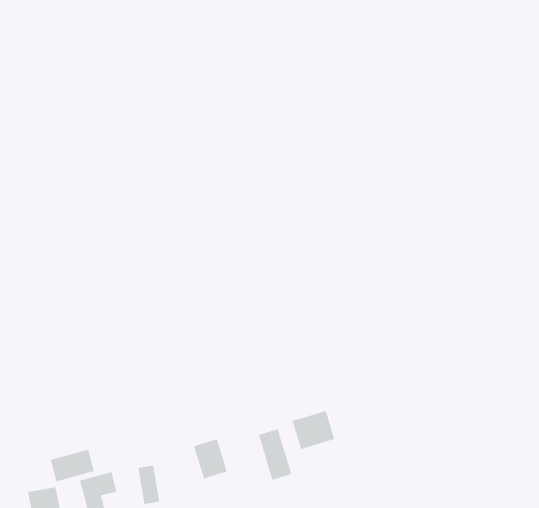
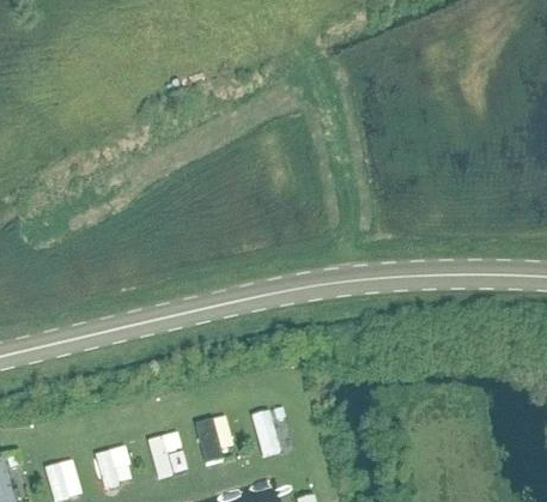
building: [292,410,335,450] -> none
building: [50,449,94,482] -> none

